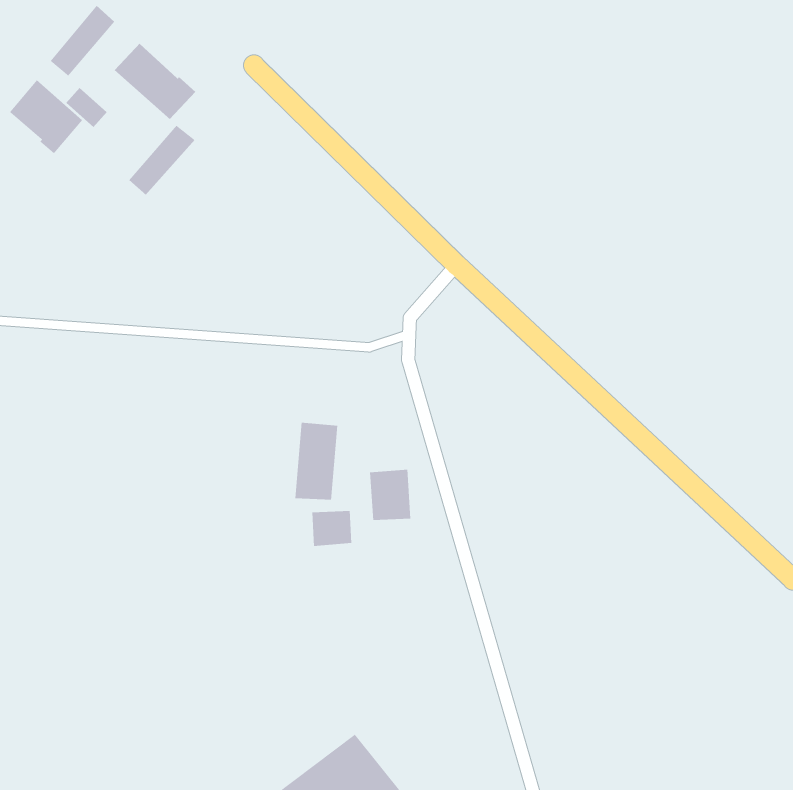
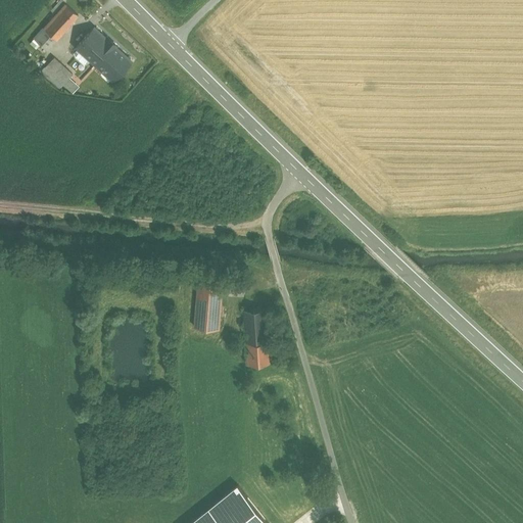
building: [8,80,83,154] -> none
building: [128,125,195,196] -> none
building: [312,511,352,546] -> [244,344,271,368]

